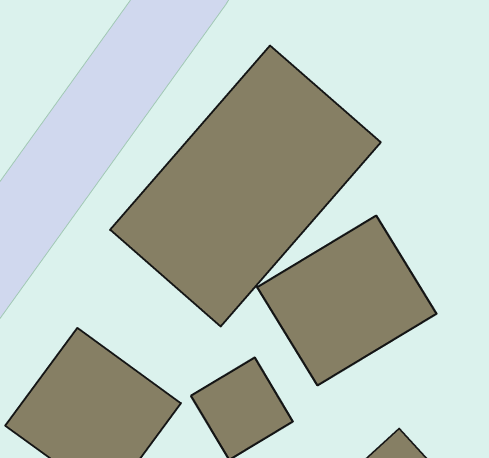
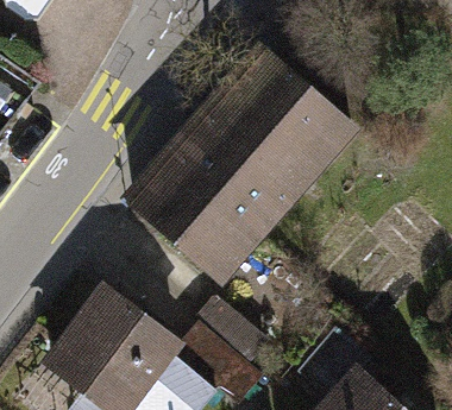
building: [257,216,437,385] -> none

